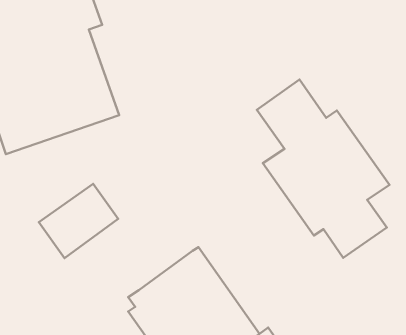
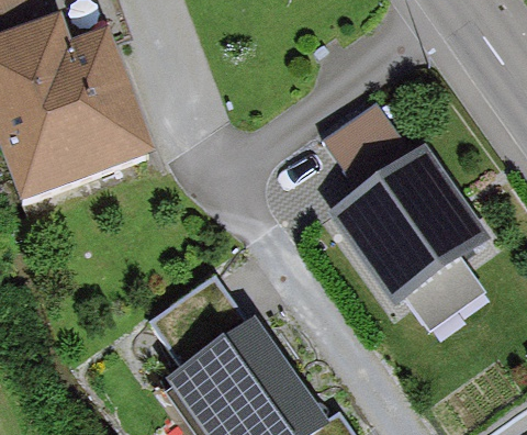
building: [39,184,118,258] -> [148,276,246,367]

